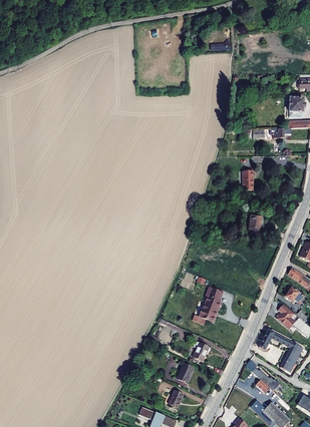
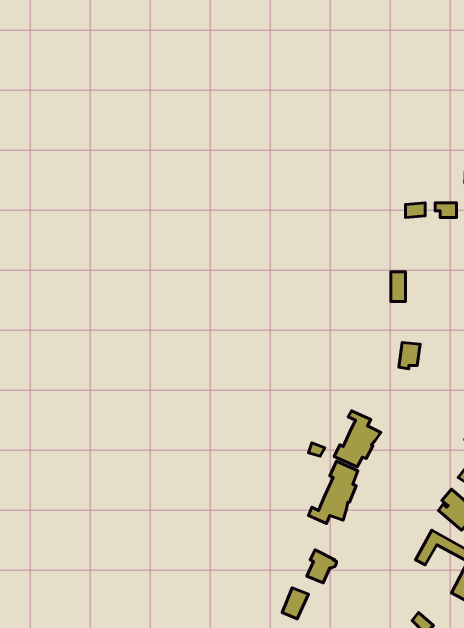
building: none -> [334,411,381,467]

